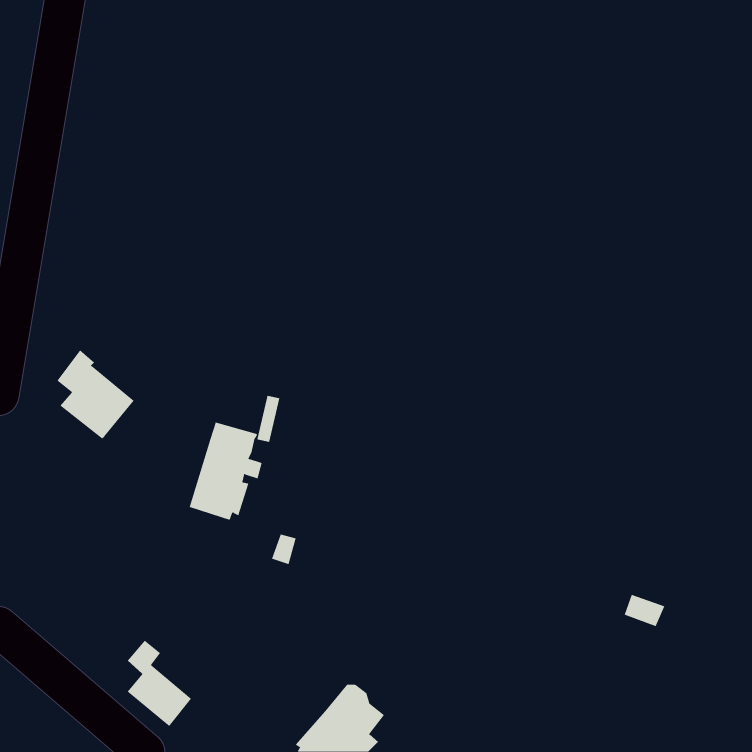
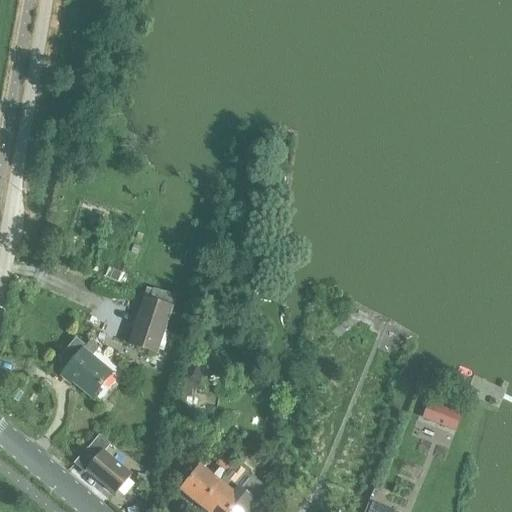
building: [56,349,135,439] -> [59,336,112,397]
building: none -> [180,453,235,505]

